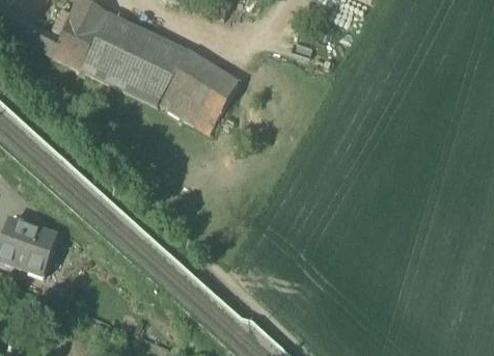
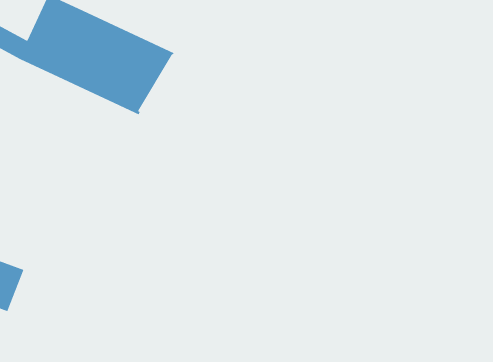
building: [158,51,239,131] -> none

